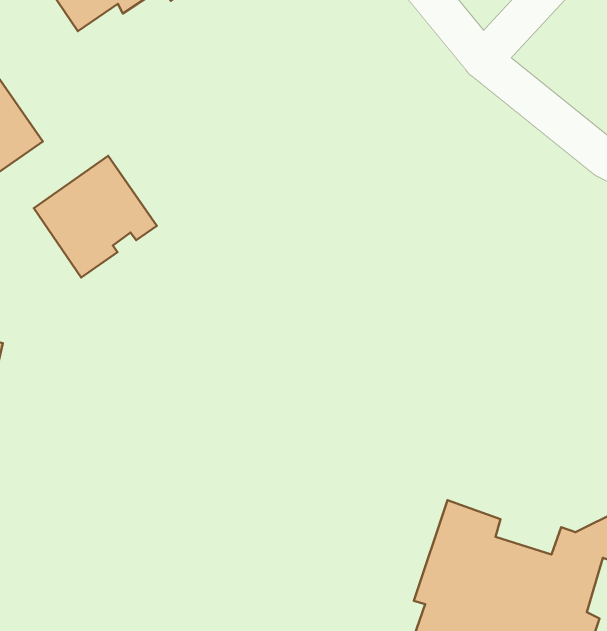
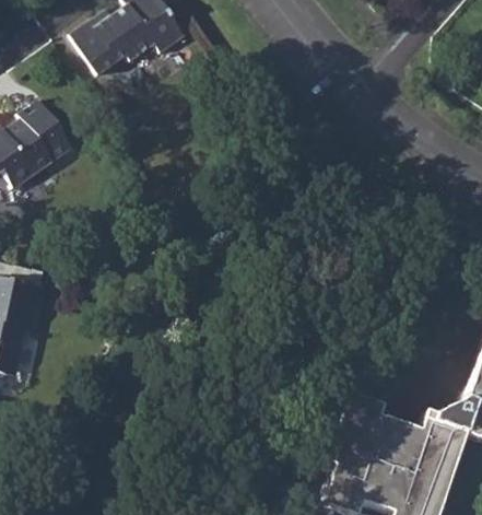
building: [34,156,157,277] -> none

